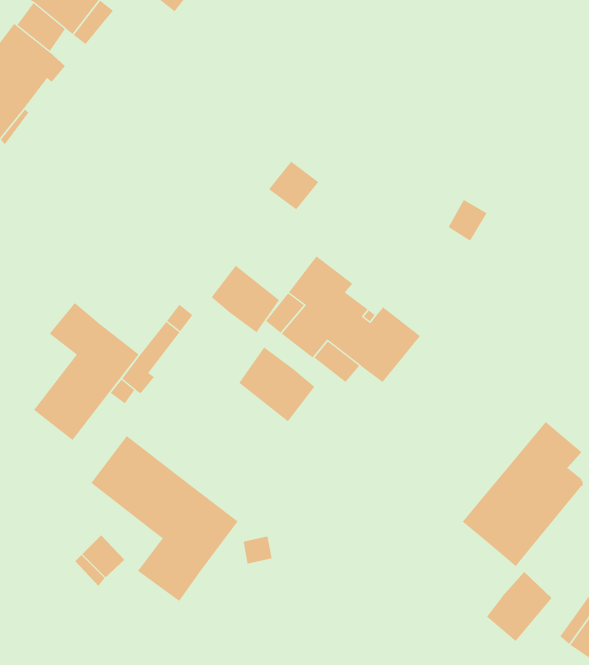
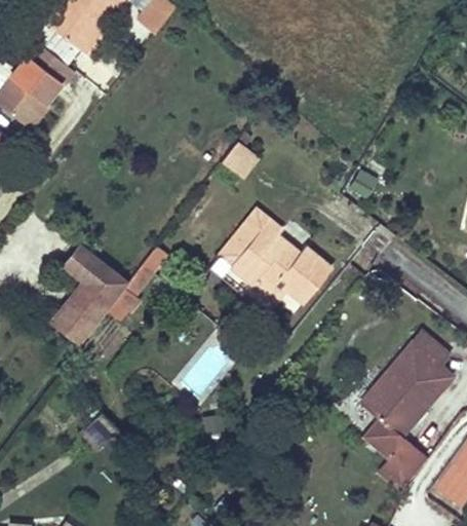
building: [211,265,280,333] -> none
building: [239,347,315,422] -> none
building: [91,435,239,602] -> none
building: none -> [364,418,406,457]

